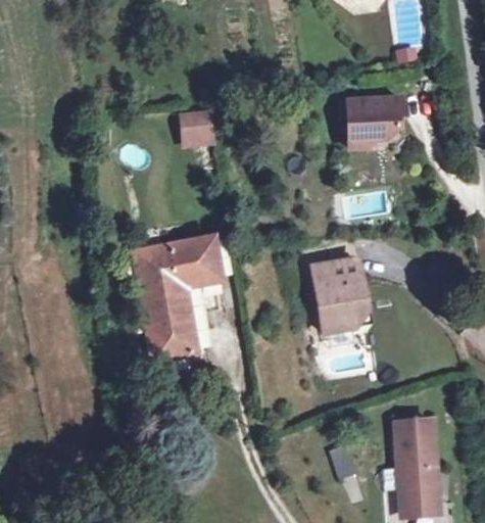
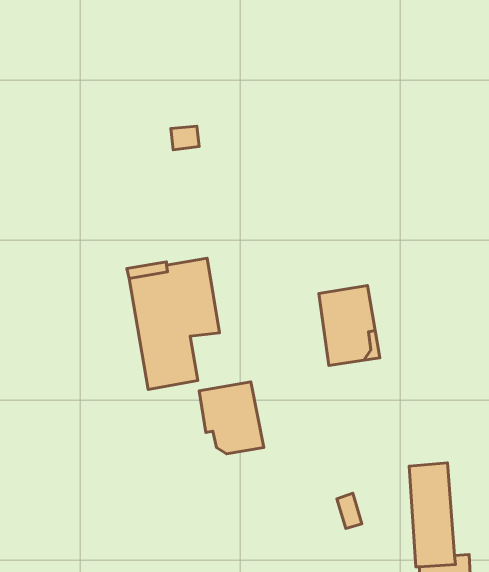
building: [347,98,402,145] -> none
building: none -> [199,382,264,454]

